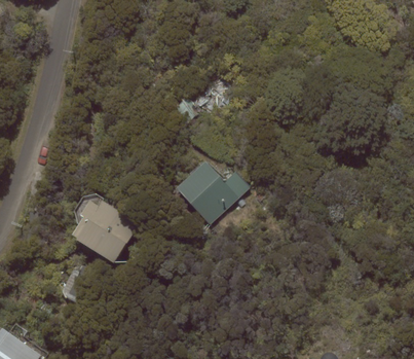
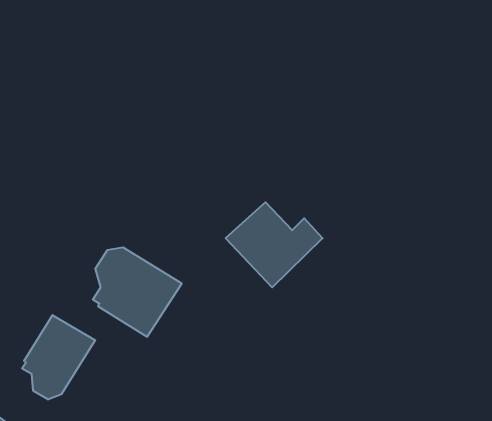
building: none -> [22,315,95,400]

